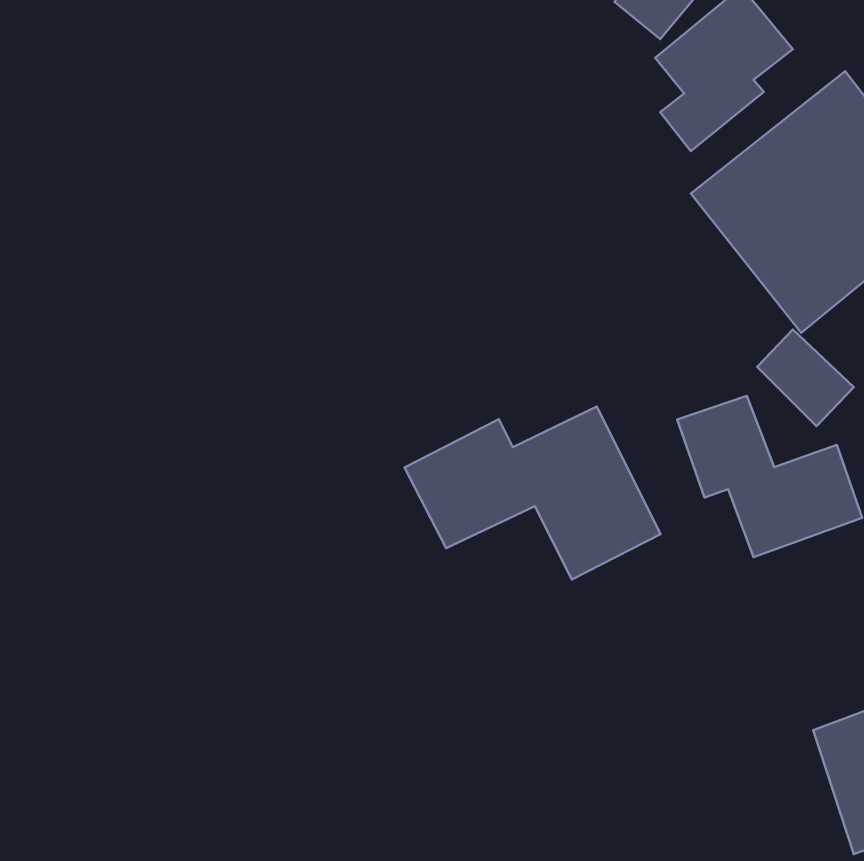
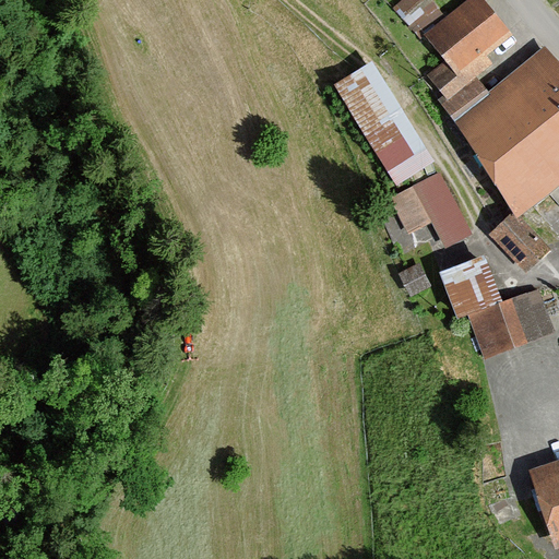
building: none -> [332,60,433,183]
building: none -> [391,170,471,241]
building: [404,407,660,580] -> none

